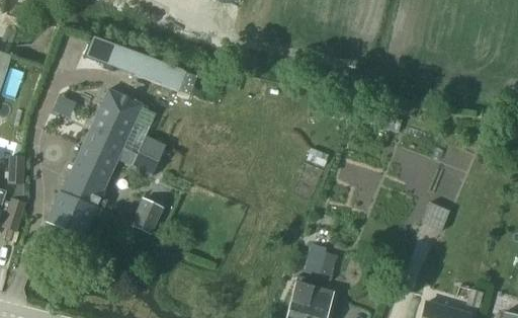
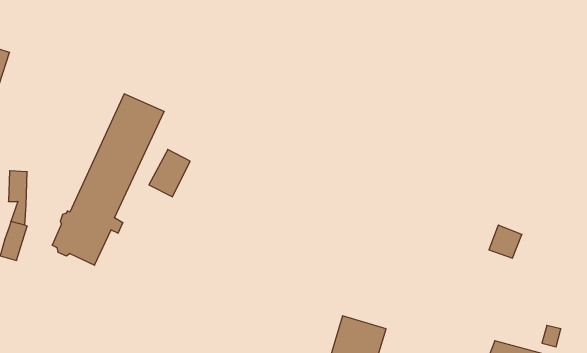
building: [86,37,186,91] -> none
building: [132,198,163,232] -> none
building: [305,244,337,277] -> none

